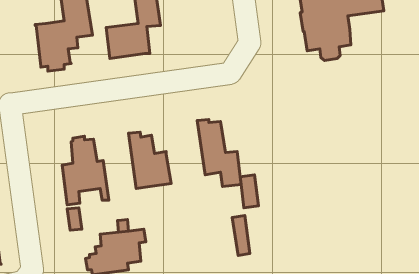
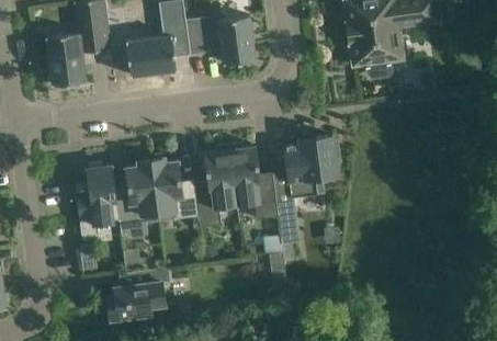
building: none -> [185,15,255,67]
building: none -> [284,136,338,197]
building: none -> [193,145,237,227]
building: none -> [122,159,159,237]

